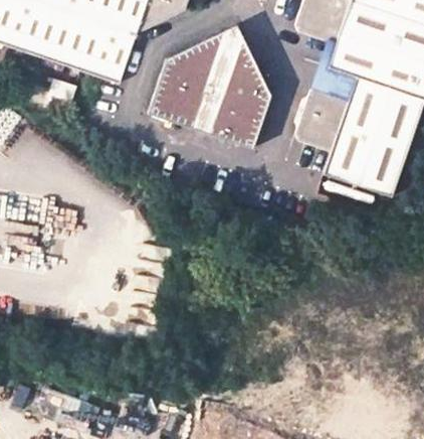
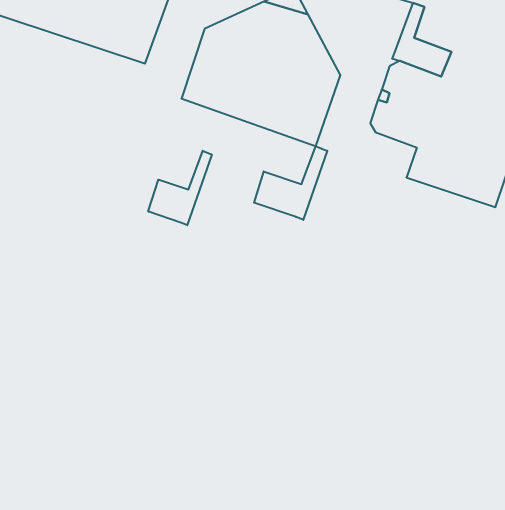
building: none -> [254,146,327,220]
building: none -> [148,151,212,225]

